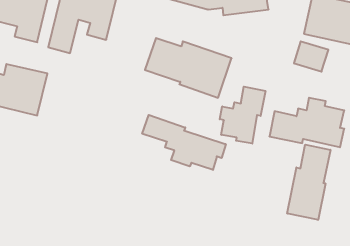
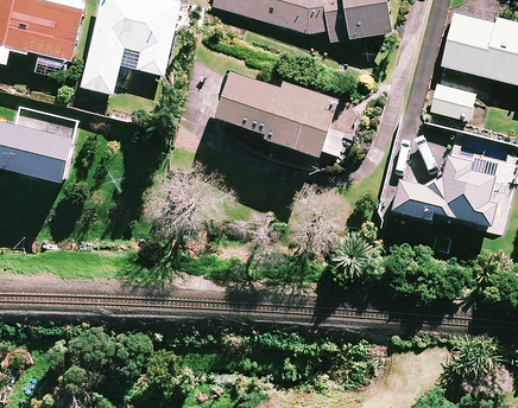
building: [220,87,265,144] -> none
building: [142,115,226,170] -> none
building: [287,145,330,220] -> none

